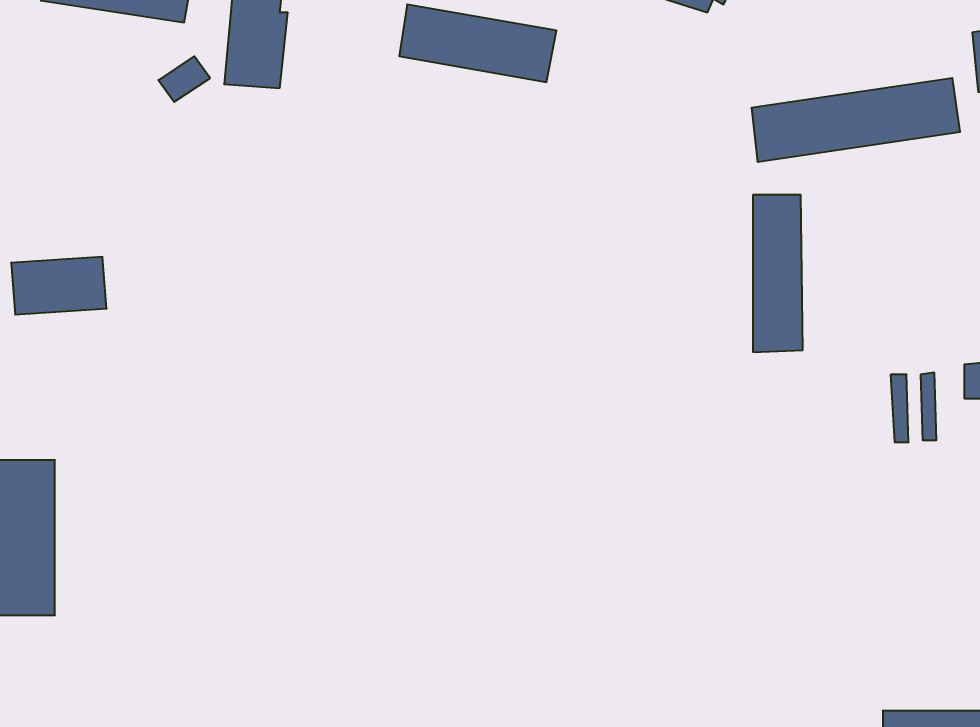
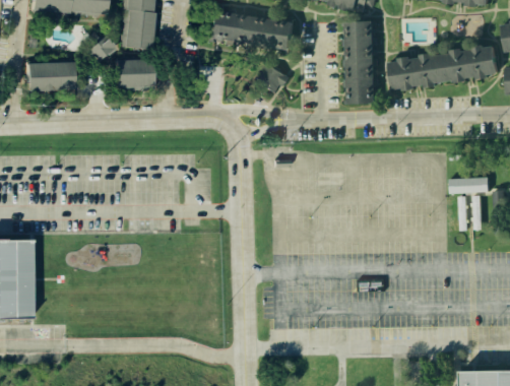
building: none -> [113,59,148,86]
building: none -> [258,64,295,95]
building: [753,195,803,352] -> [347,22,373,103]
building: [11,257,107,315] -> [24,60,73,89]
building: none -> [450,179,490,194]

